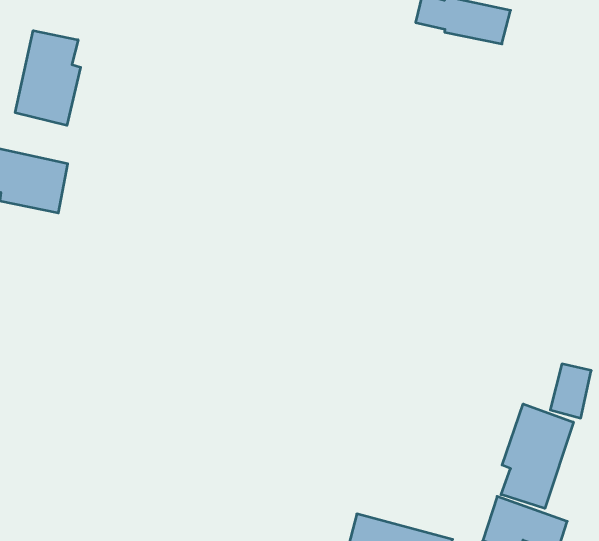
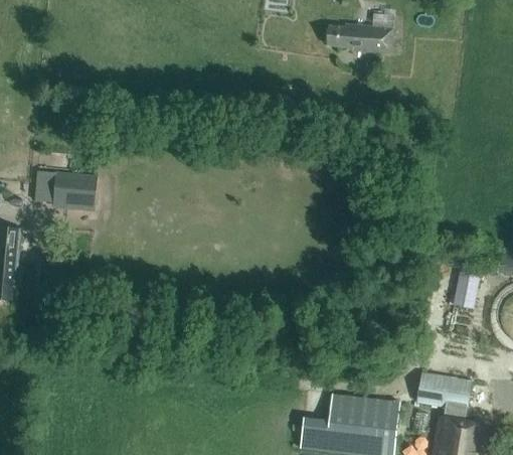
building: [15,31,81,125] -> none
building: [501,404,573,508] -> none

